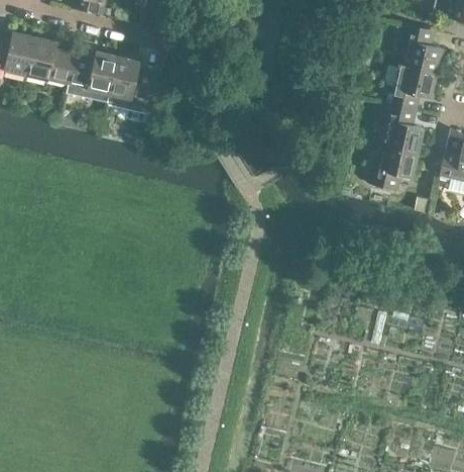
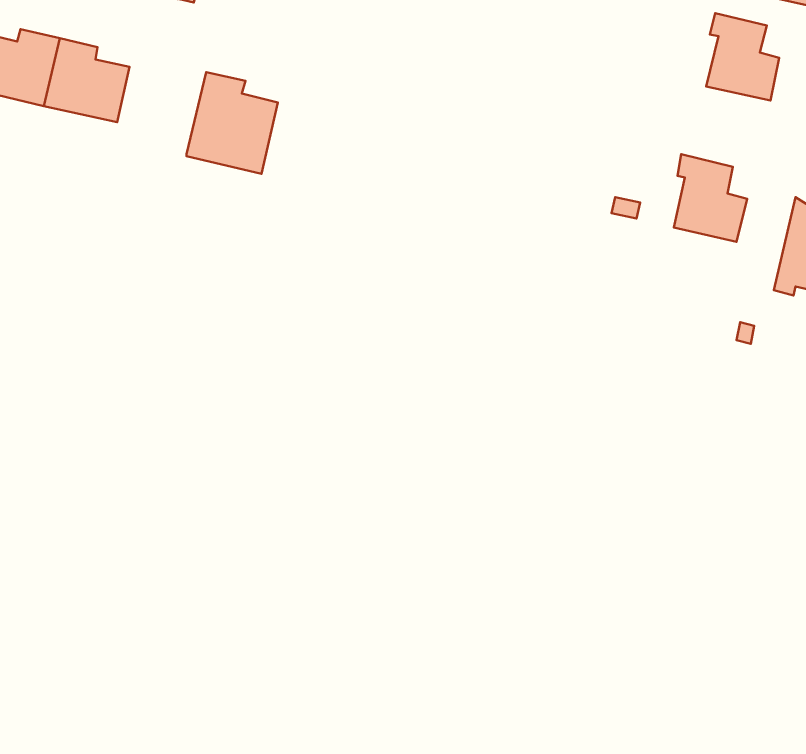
building: [66,52,118,103] -> none
building: [386,65,437,110] -> none
building: [368,145,418,190] -> none

